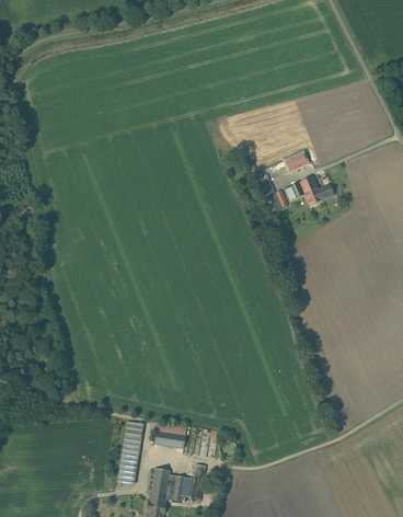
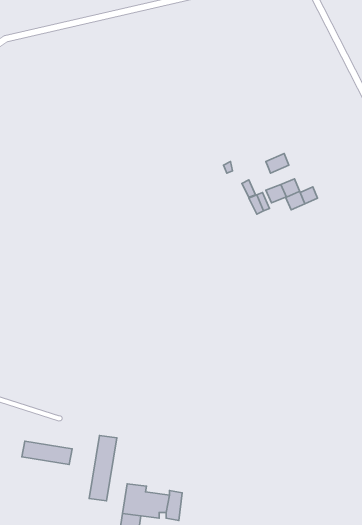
building: [154,423,187,449] -> none
building: none -> [22,441,72,465]

